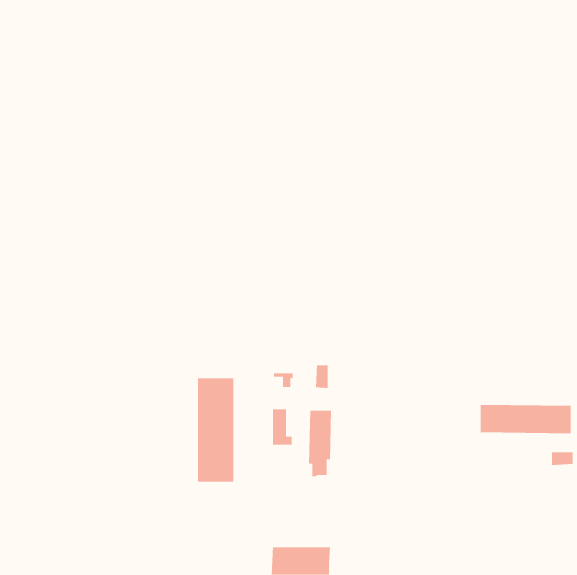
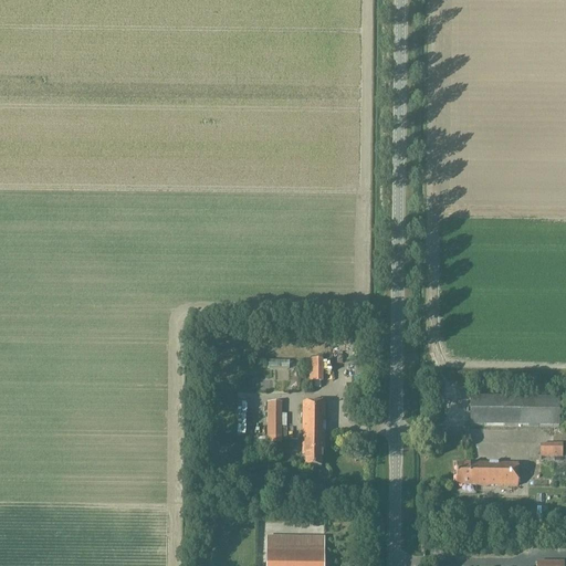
building: [197,377,234,483] -> none
building: none -> [455,461,517,484]

